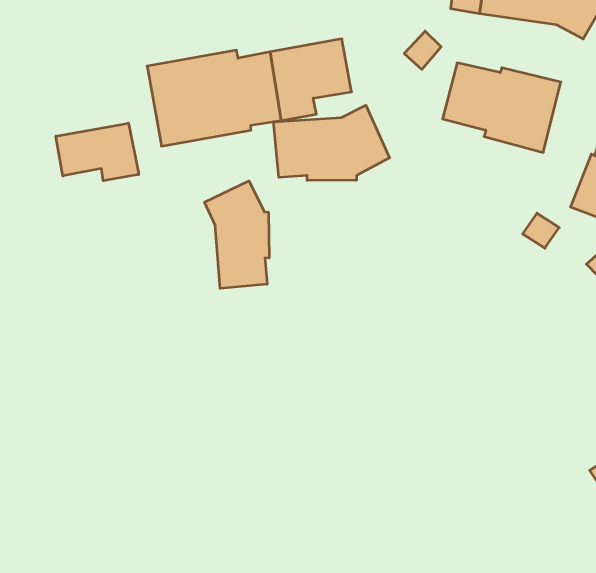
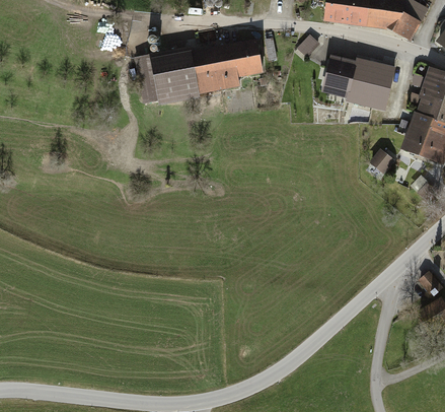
building: [274,105,390,180] -> none
building: [56,123,139,181] -> none
building: [205,181,269,288] -> none

